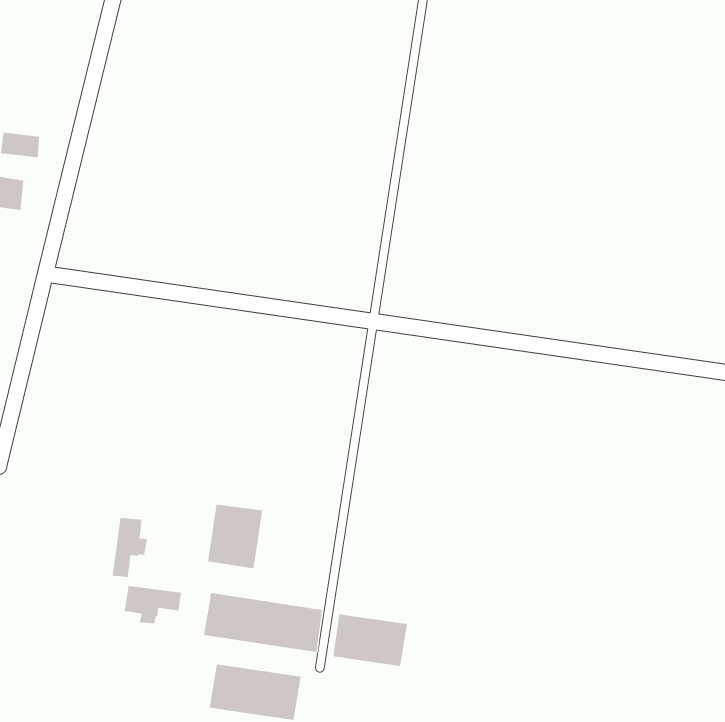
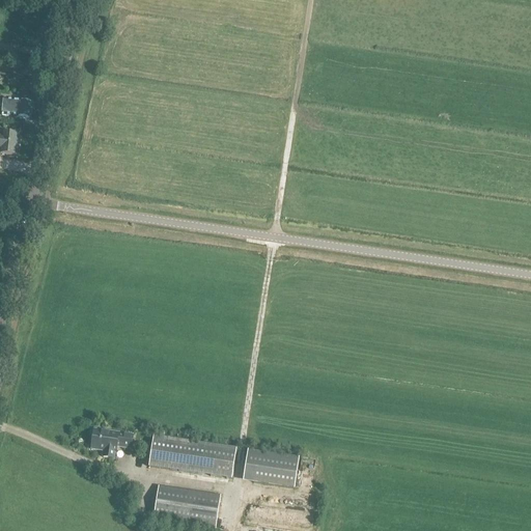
building: [208,504,263,569] -> none
building: [112,517,147,578] -> none

